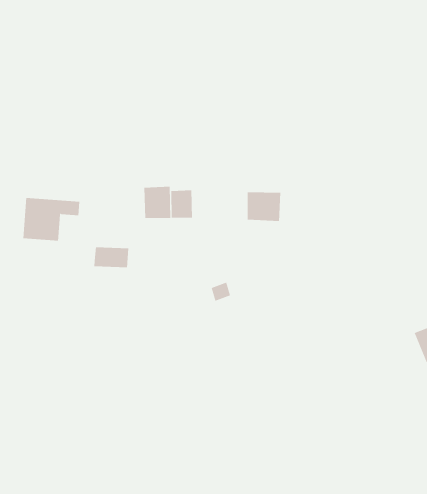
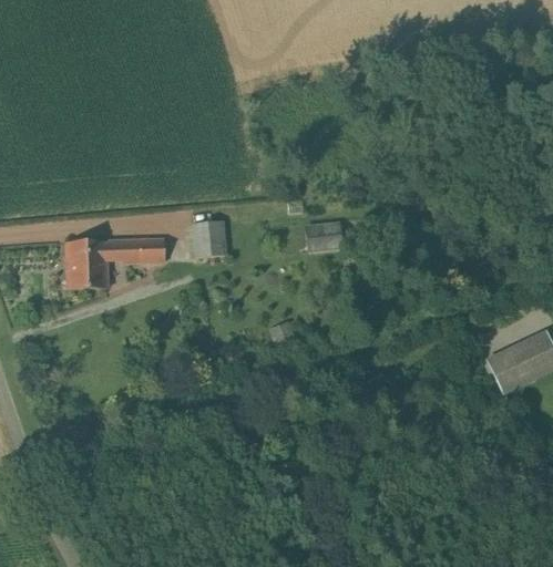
building: [171,190,193,219] -> none
building: [94,247,129,268] -> [126,241,163,264]

